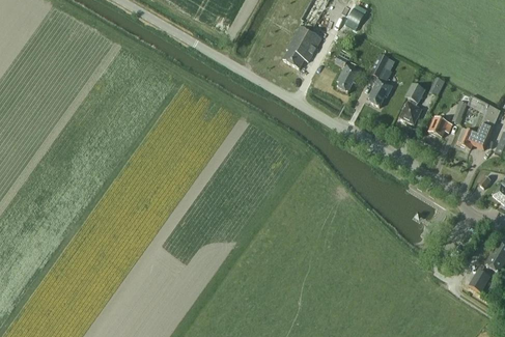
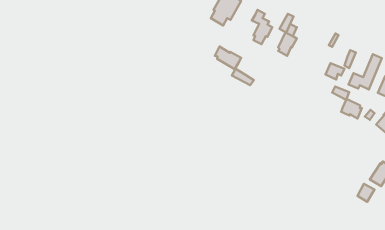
building: [400,81,425,123] -> none
building: none -> [215,47,254,85]
building: none -> [332,86,362,118]

